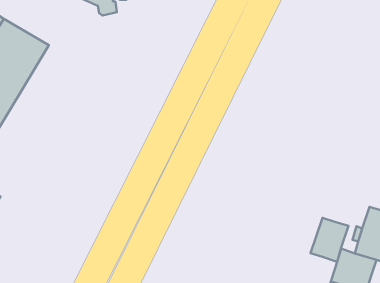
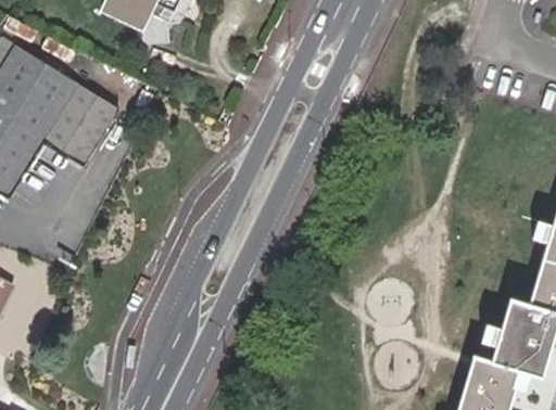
building: none -> [42,82,124,169]
building: [311,218,349,262] -> none

